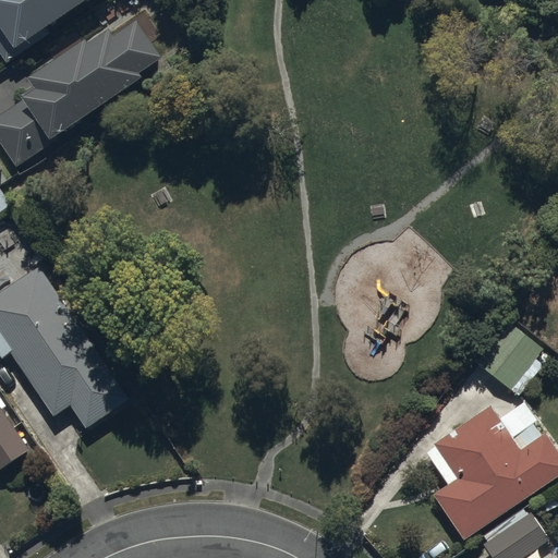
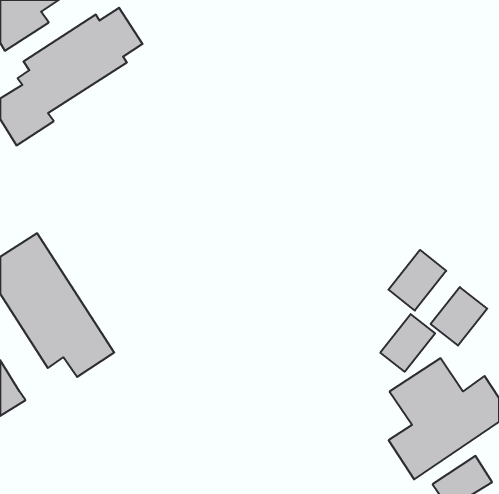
building: none -> [388,250,446,311]
building: none -> [380,314,435,372]

